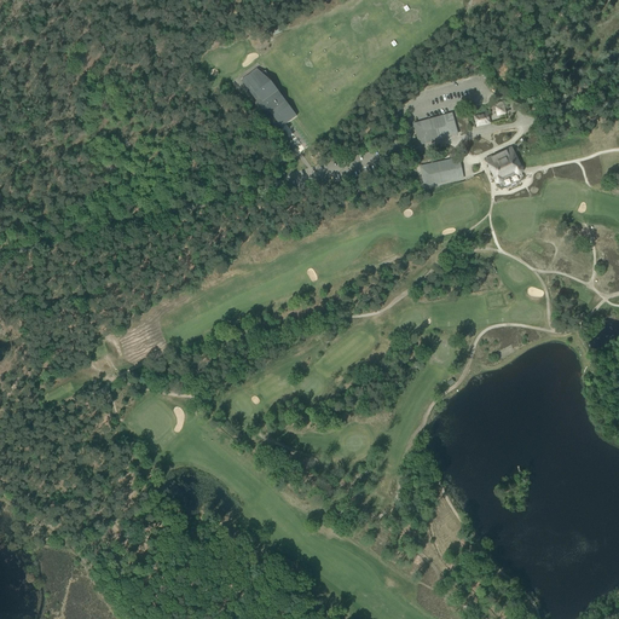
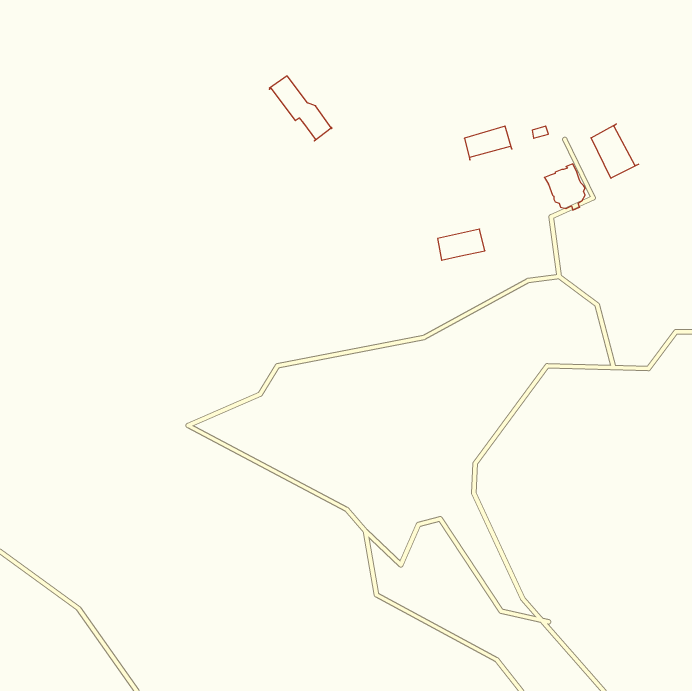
building: none -> [591,124,639,178]
building: [421,157,463,185] -> [438,229,485,260]

